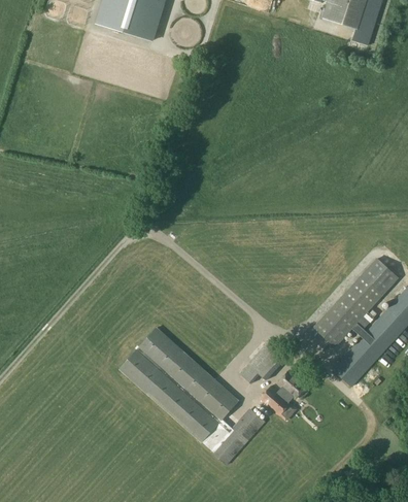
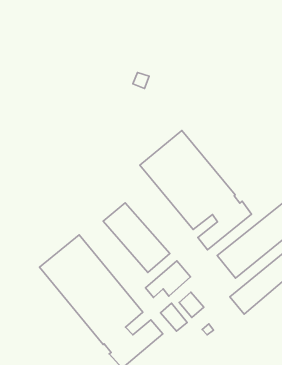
building: none -> [140,131,251,250]
building: none -> [103,203,170,273]

